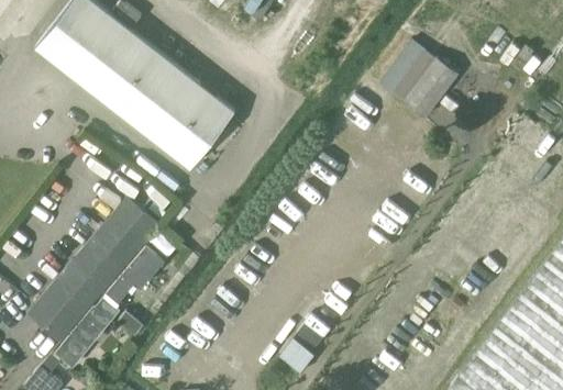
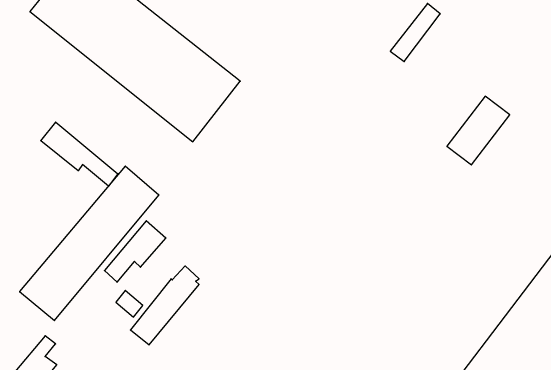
building: [401,57,461,122] -> [447,96,510,165]
building: none -> [41,122,118,186]
building: [55,293,120,368] -> [130,266,199,345]

